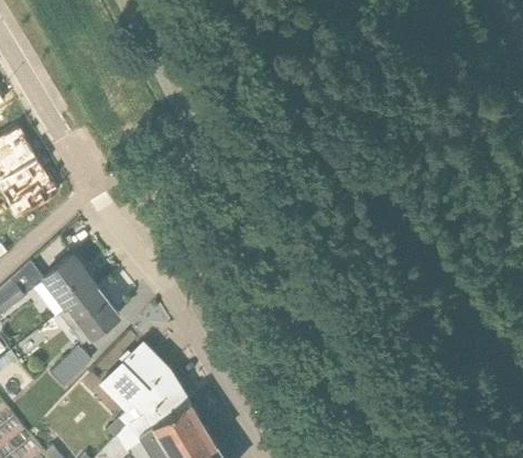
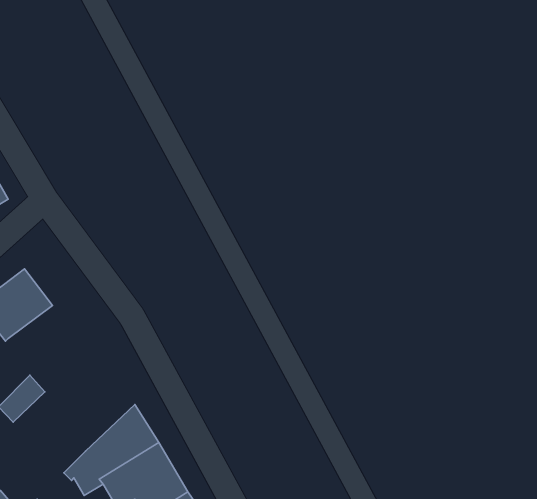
building: [58,285,119,344] -> none
building: [100,344,168,412] -> none

